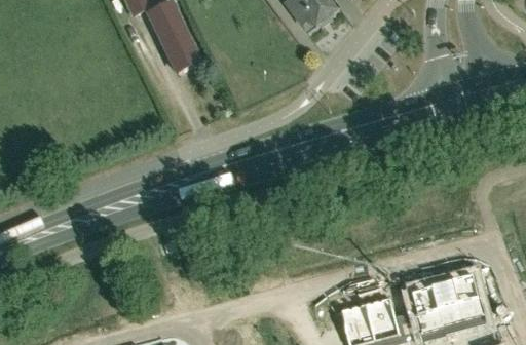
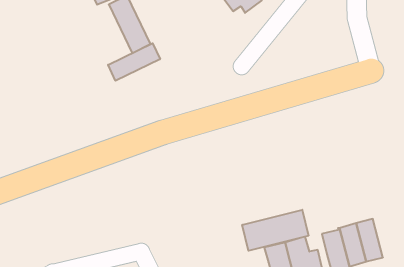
building: none -> [108,43,160,81]
building: none -> [242,210,308,251]

